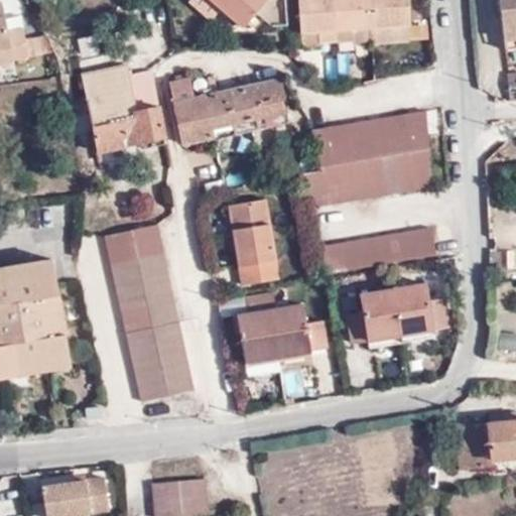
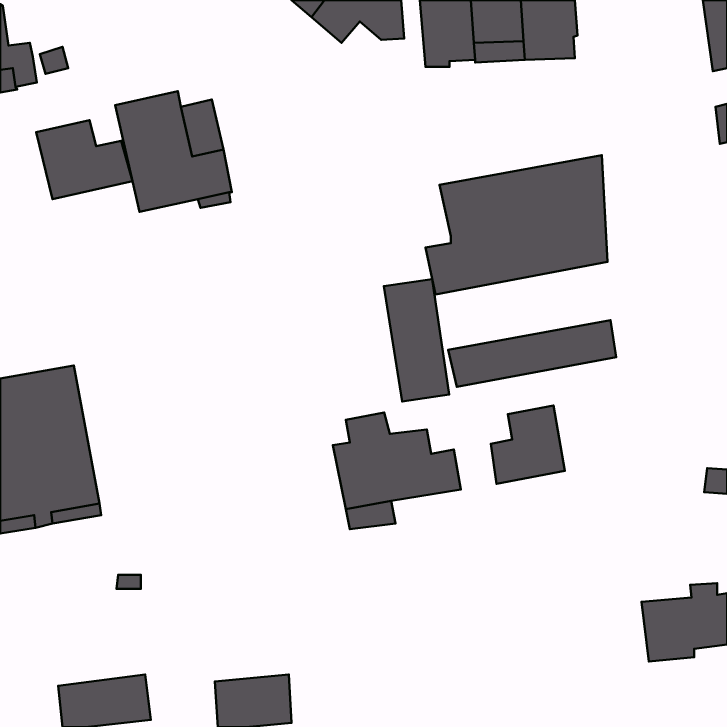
building: [170,77,287,141] -> none
building: none -> [36,120,132,199]
building: [230,199,276,285] -> [384,279,449,401]
building: [105,223,194,401] -> none
building: [392,282,449,334] -> none

